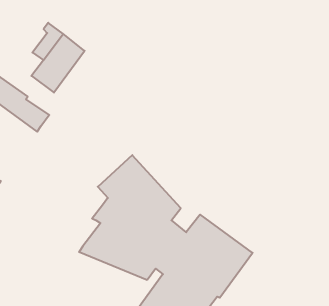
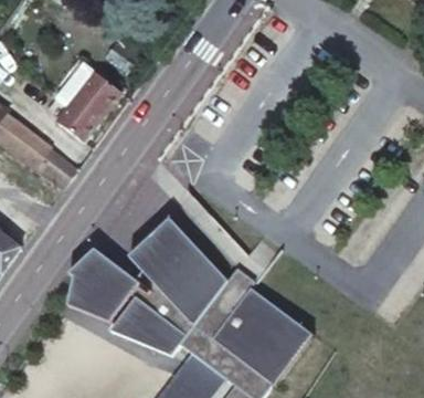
building: none -> [66,247,136,322]

